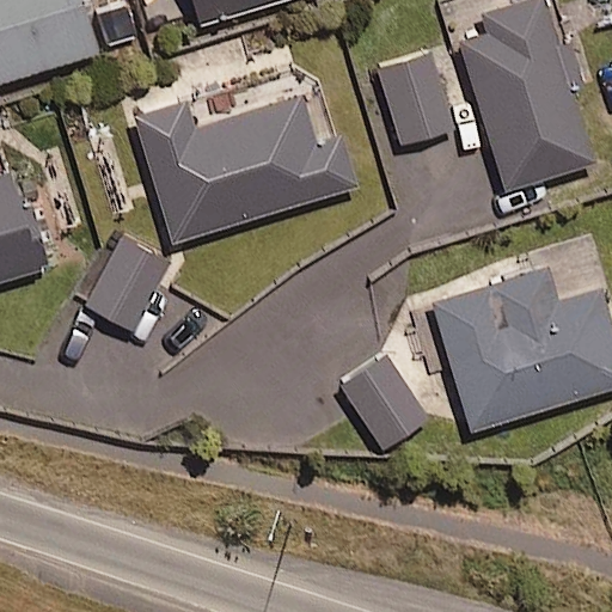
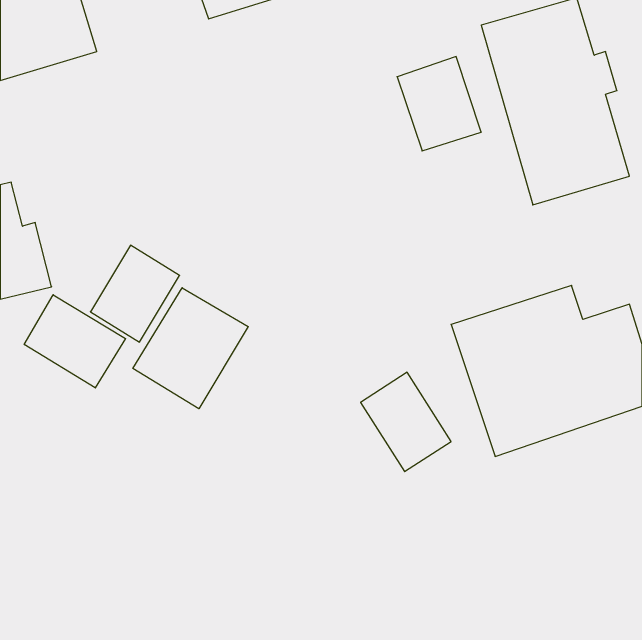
building: [127,94,351,241] -> none
building: none -> [133,288,248,409]
building: none -> [24,295,126,388]

